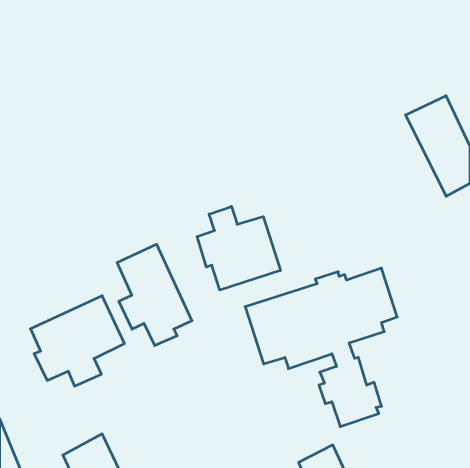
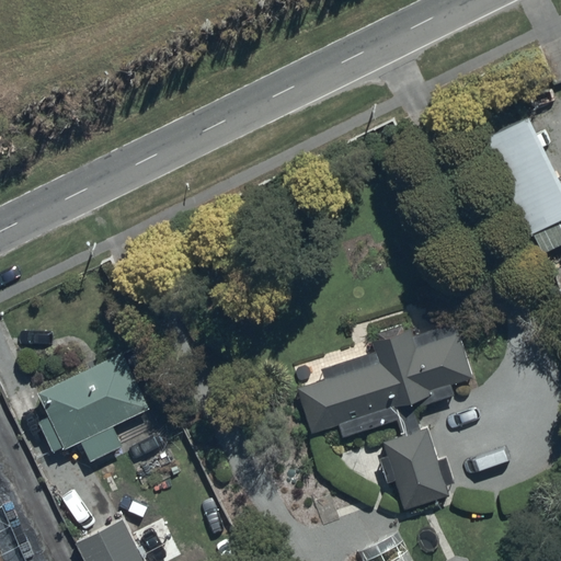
building: [197,206,280,290] -> none
building: [117,244,192,346] -> none

